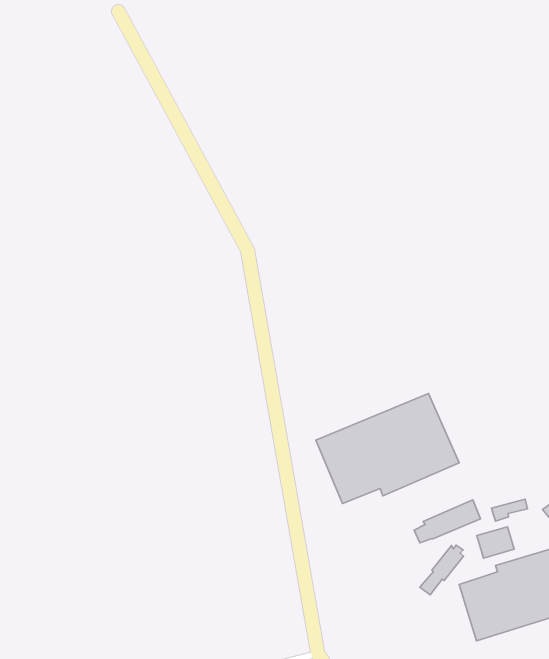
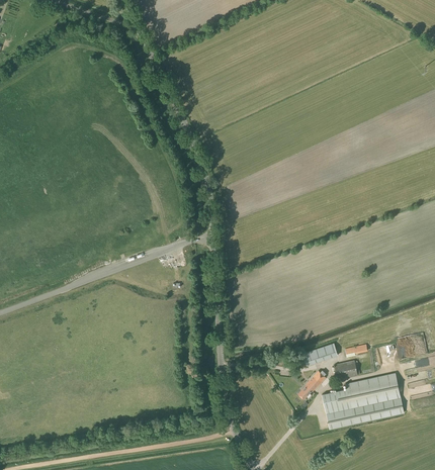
building: [316,393,459,503] -> none

